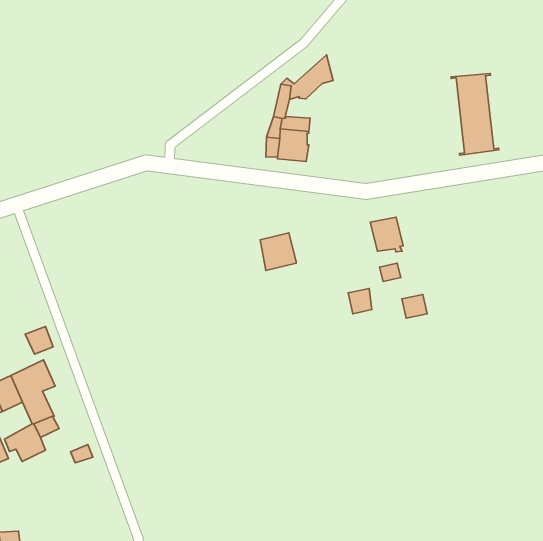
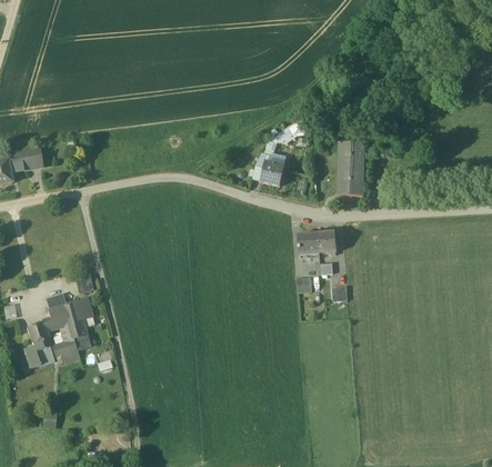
building: [451,73,499,155] -> [338,142,365,196]
building: [260,233,296,271] -> [298,232,320,256]

